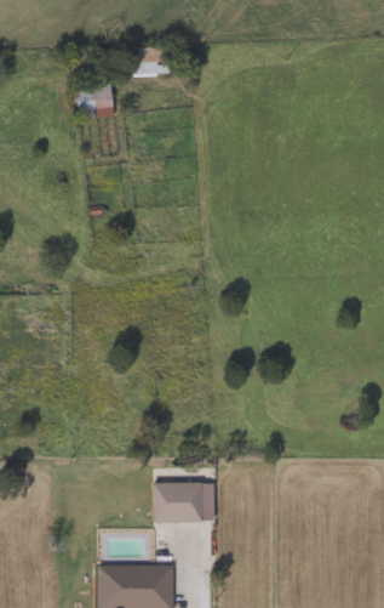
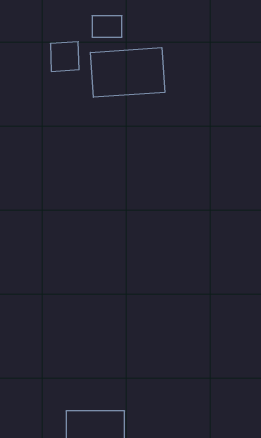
building: none -> [90,48,165,97]
building: [154,482,214,522] -> none

